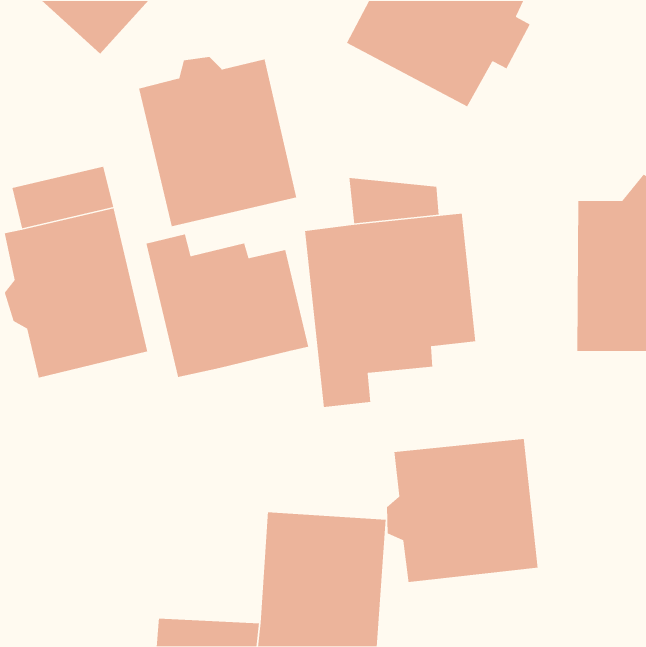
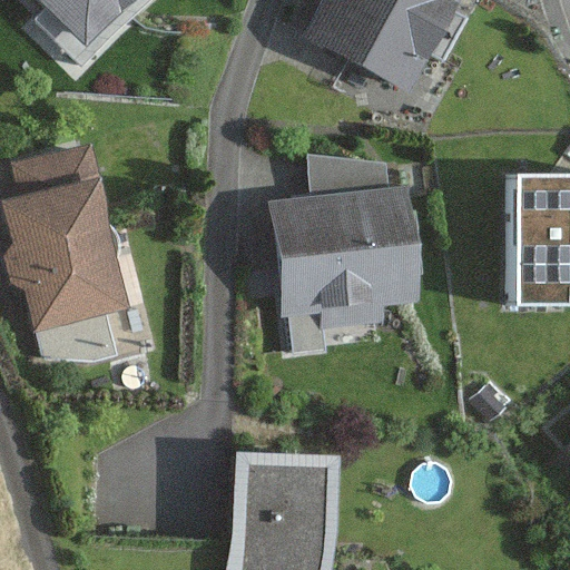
building: [138,56,297,227] -> none
building: [146,234,309,378] -> none
building: [386,438,538,583] -> none

